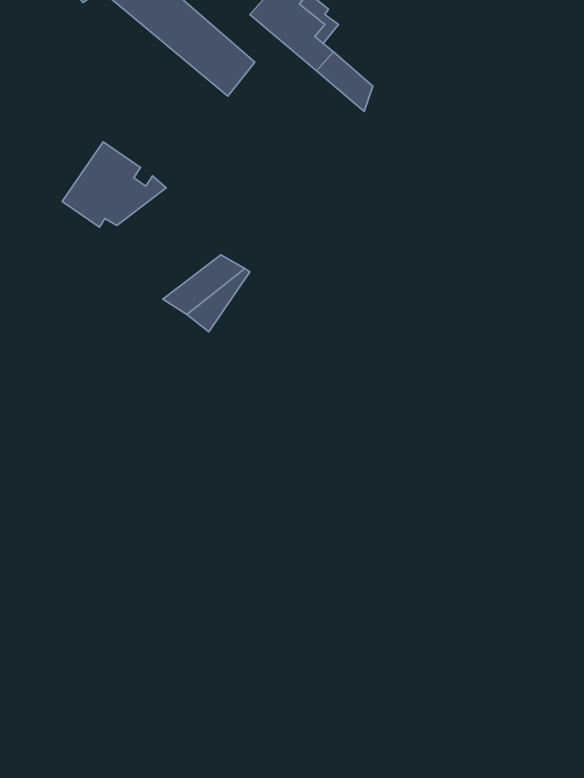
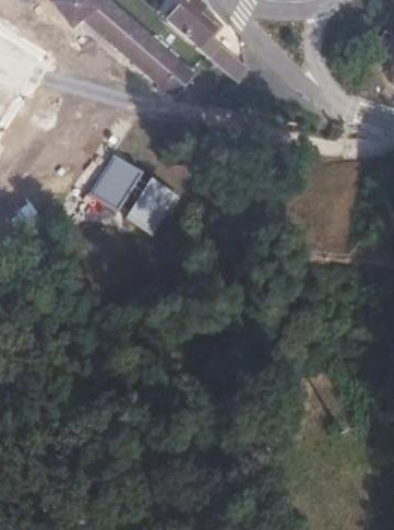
building: [62,142,166,227] -> [91,155,157,210]

